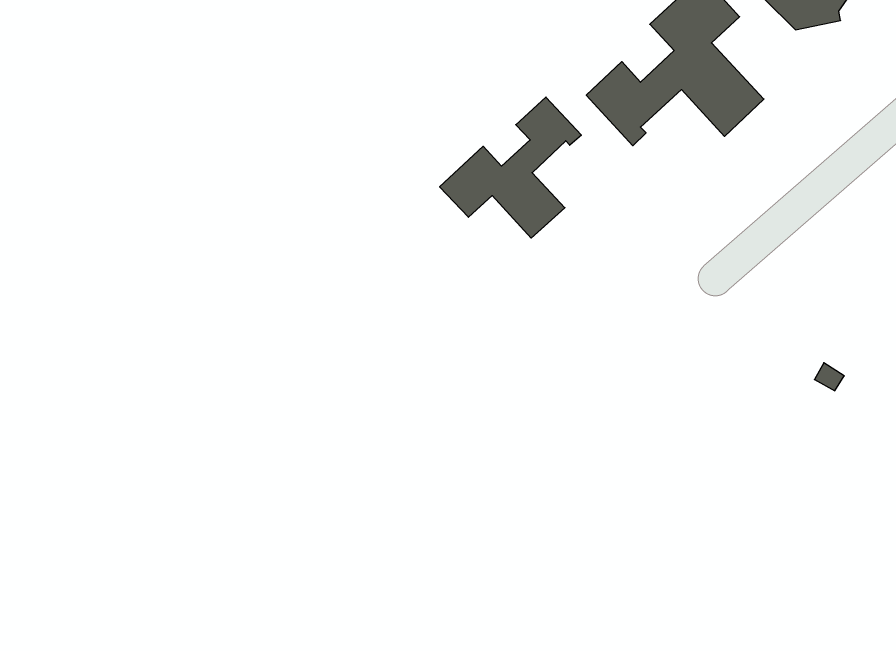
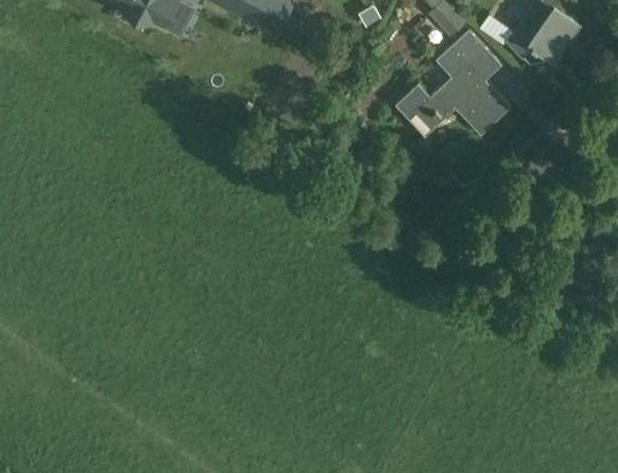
building: [440,97,581,238] -> none

